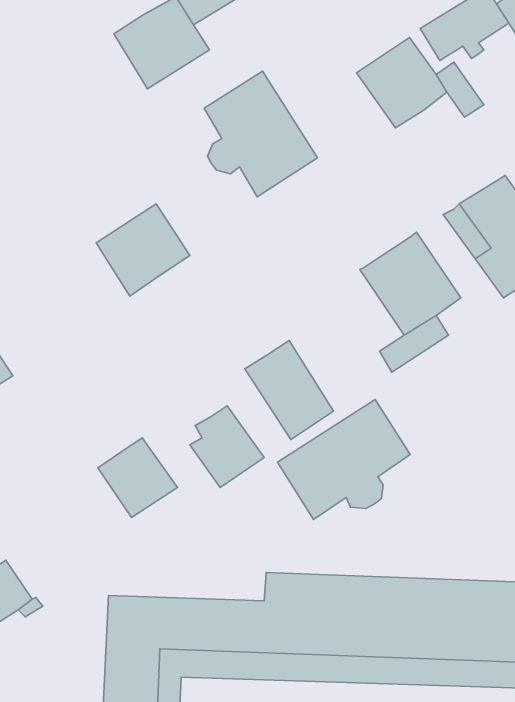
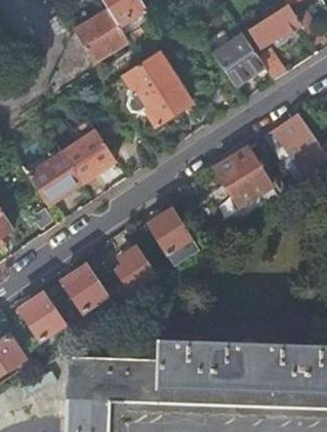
building: none -> [27,151,81,205]
building: [277,399,410,520] -> none
building: none -> [19,292,66,339]

